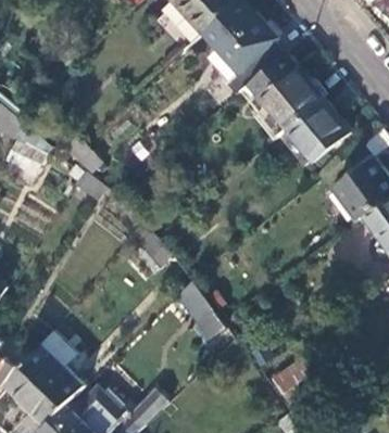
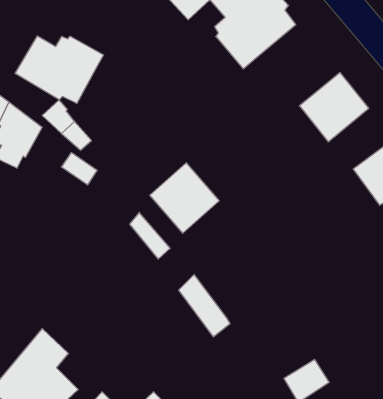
building: [249,54,323,130] -> none
building: none -> [15,36,104,103]
building: none -> [150,163,219,233]

